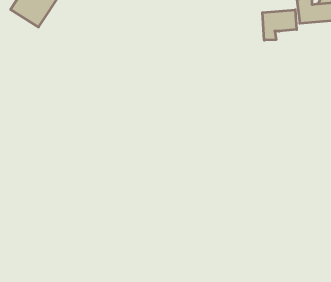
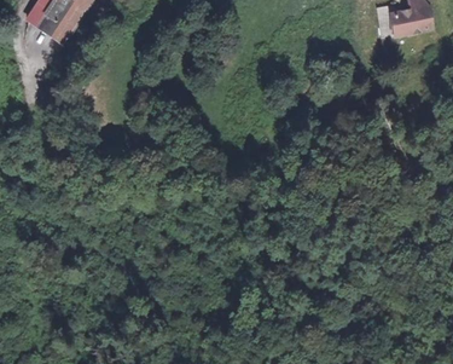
building: [262,10,297,40] -> none

